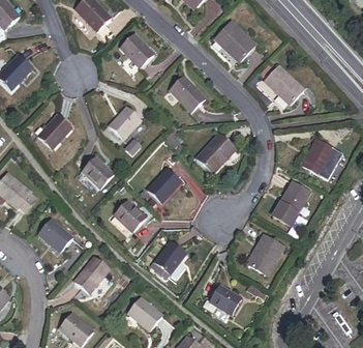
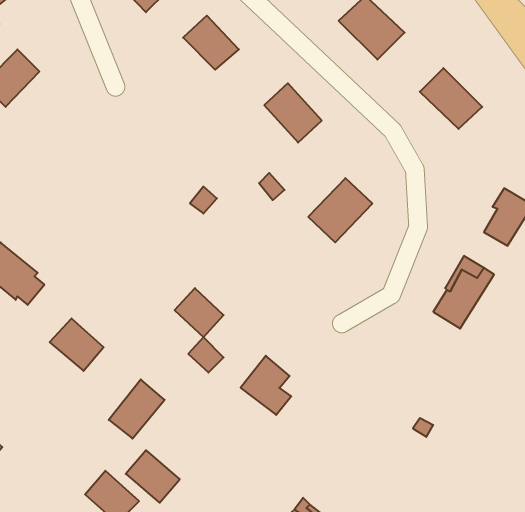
building: [110,107,141,138] -> none
building: [38,114,71,148] -> none
building: [83,156,113,186] -> none
building: [148,168,181,201] -> none
building: [247,234,284,274] -> none
building: [203,285,241,314] -> none
building: [128,297,161,329] -> [126,450,180,503]

